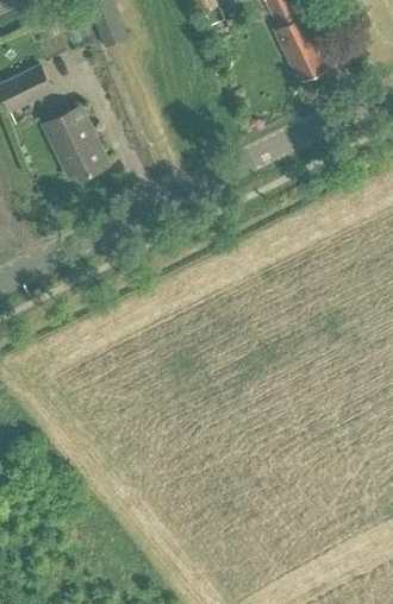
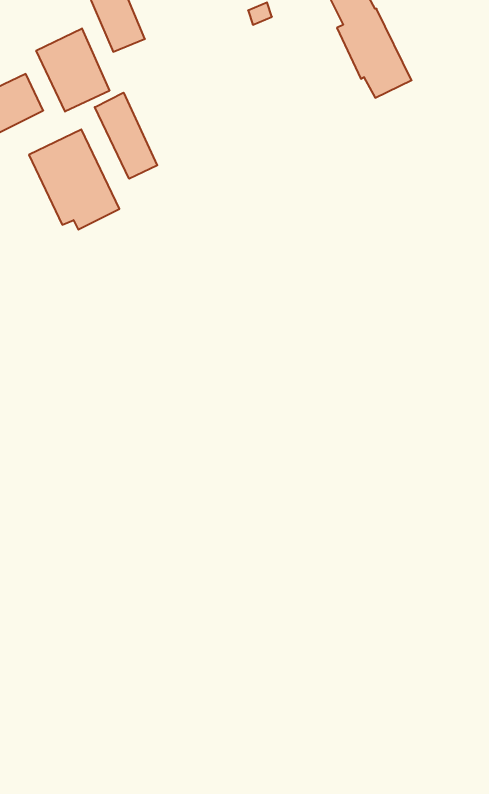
building: none -> [36,28,109,112]
building: none -> [95,93,157,179]

